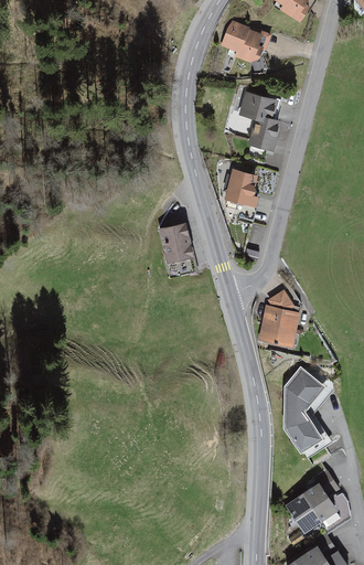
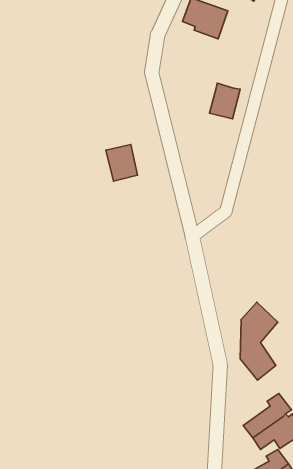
building: [238,92,280,120] -> none
building: [224,171,258,210] -> none
building: [158,223,194,265] -> [106,144,138,181]
building: [258,291,301,349] -> none

